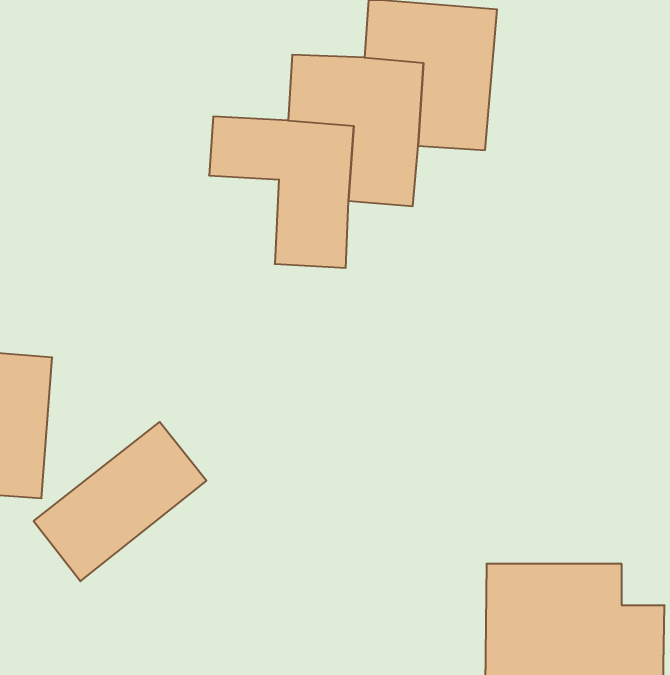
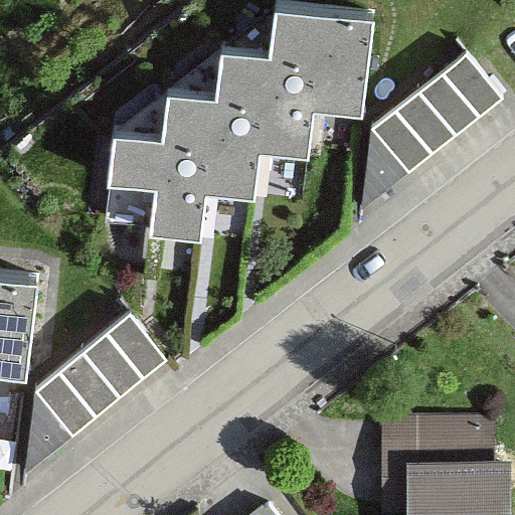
building: none -> [363,60,489,178]
building: none -> [106,132,209,243]

